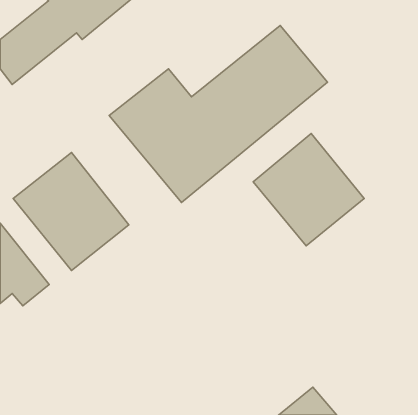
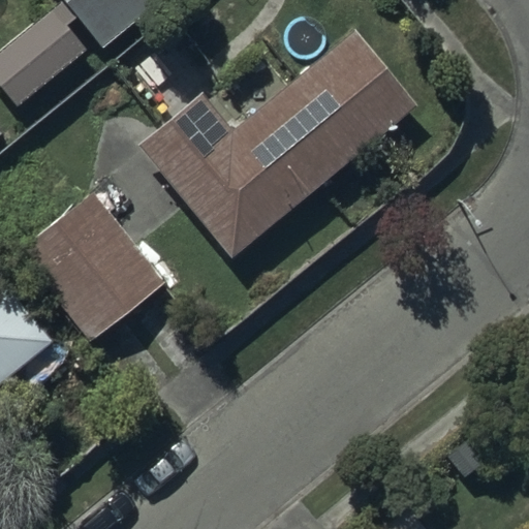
building: [253,133,364,246] -> none

